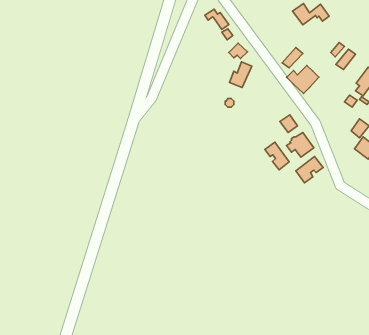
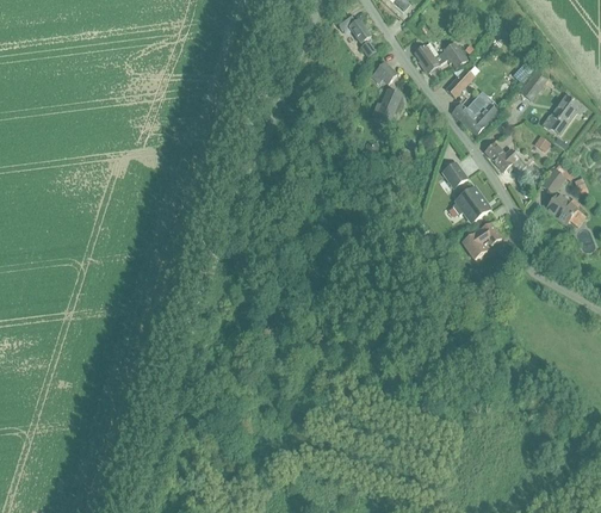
building: [293,3,329,25] -> [414,42,465,72]
building: none -> [484,142,529,179]
building: [265,142,289,170] -> none

